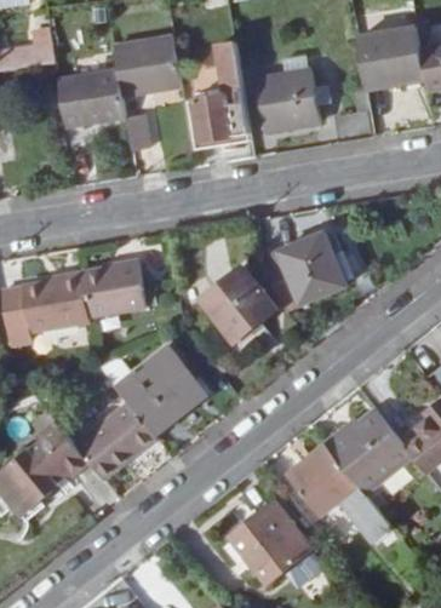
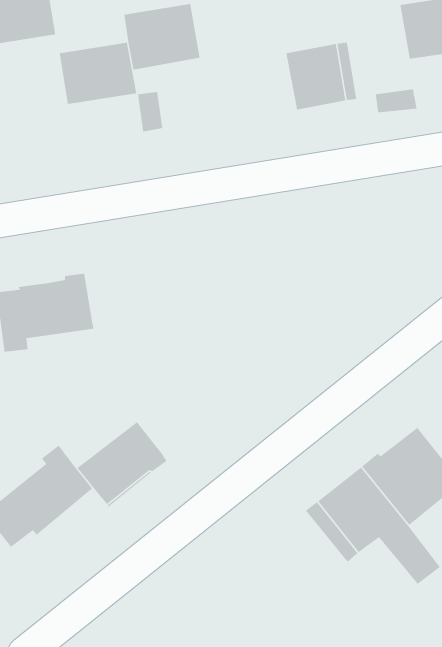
building: [195,40,251,138] -> none
building: [263,233,345,312] -> none
building: [80,263,147,319] -> none
building: [200,266,276,344] -> none
building: [115,348,201,432] -> none
building: [229,503,310,585] -> none

